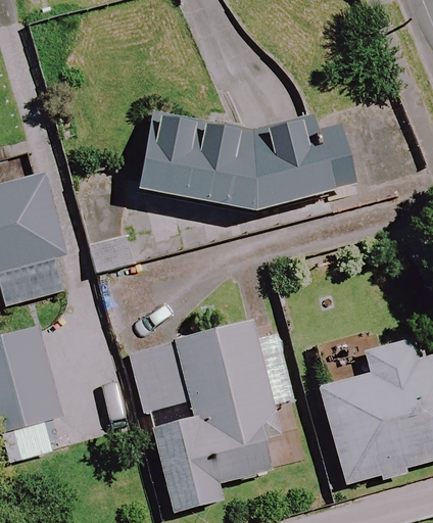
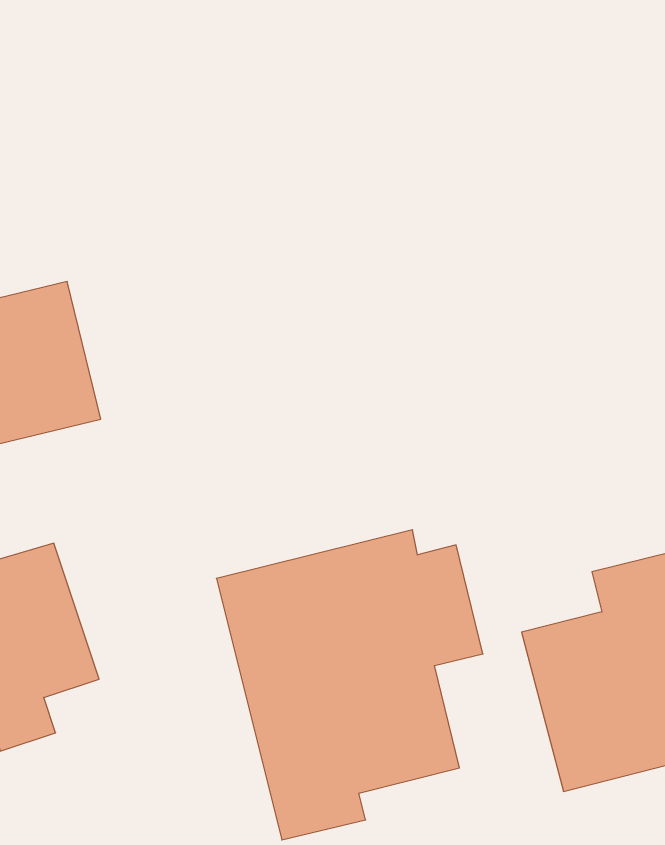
building: [136,108,355,216] -> none

